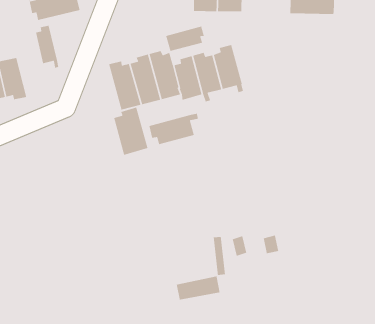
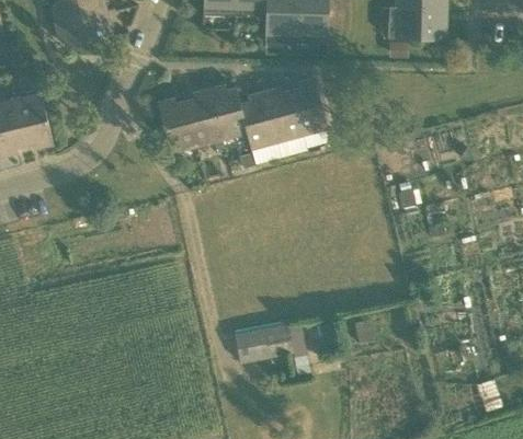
building: [35,25,59,69] -> none
building: [165,26,205,52] -> none
building: [113,106,148,156] -> none
building: [148,113,199,145] -> none
building: [176,276,221,300] -> [236,330,293,361]

